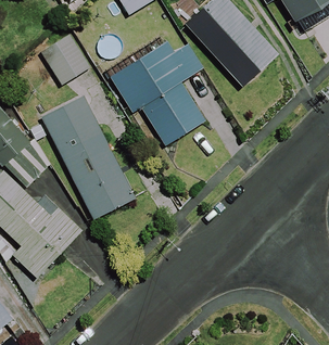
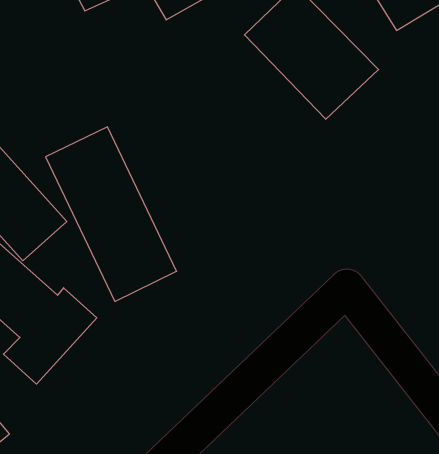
building: [40,34,90,86] -> none
building: [113,42,206,145] -> none

